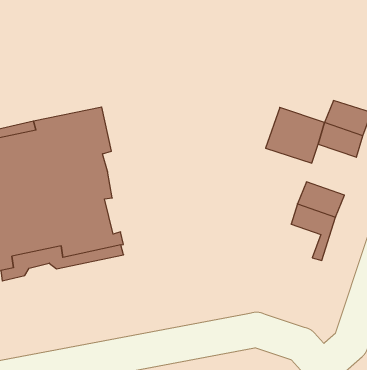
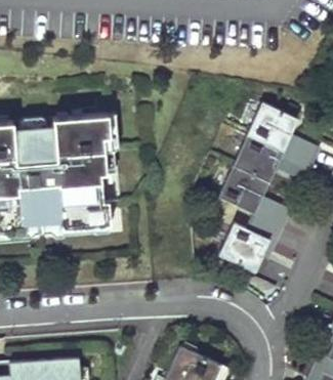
building: none -> [250,102,300,151]
building: none -> [219,165,269,212]
building: none -> [218,221,269,270]

